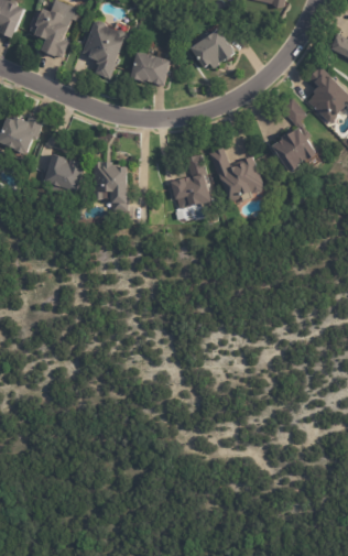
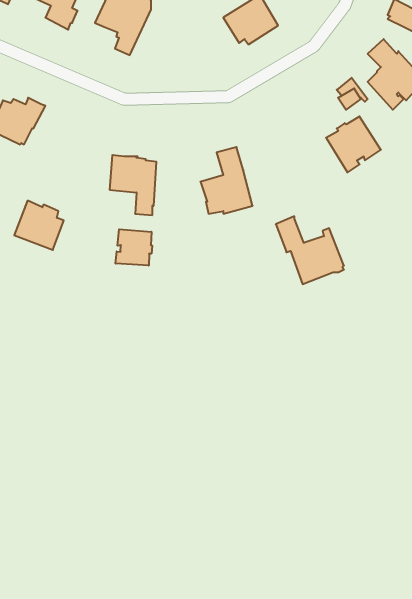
building: [131,51,173,86] -> none
building: [208,148,264,204] -> [276,216,344,284]
building: [45,152,86,193] -> [14,201,64,250]
building: none -> [116,229,152,266]

